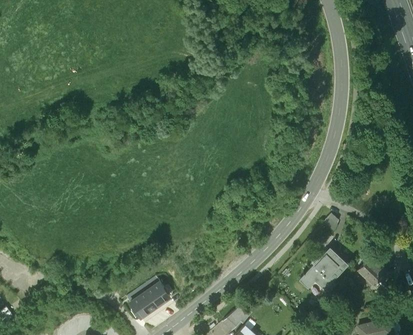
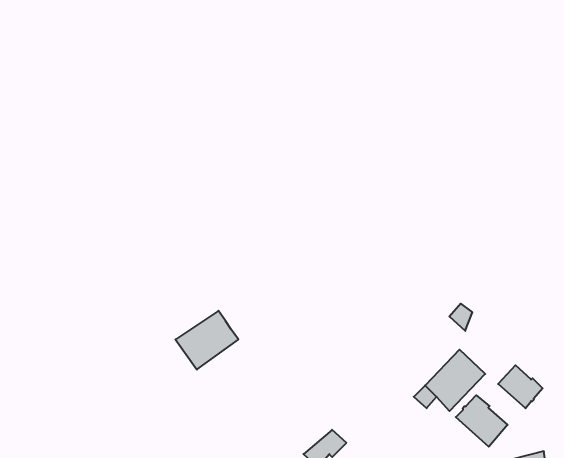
building: [126,276,170,317] -> [175,311,238,370]
building: none -> [456,395,508,447]

